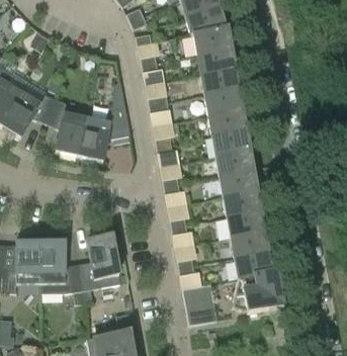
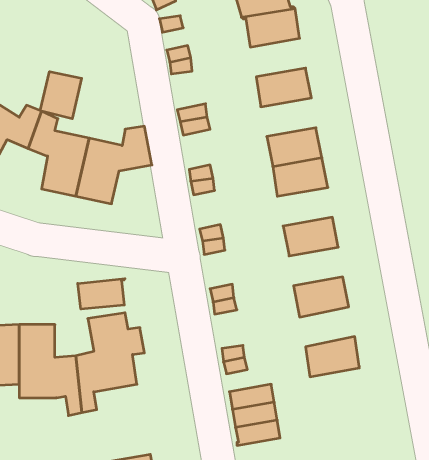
building: [197,48,235,74] -> none
building: none -> [40,72,82,119]
building: [204,88,242,114] -> none
building: [215,149,253,175] -> none
building: [224,189,260,215] -> none
building: none -> [78,279,125,309]
building: [231,230,268,257] -> none
building: [233,269,284,310] -> none

